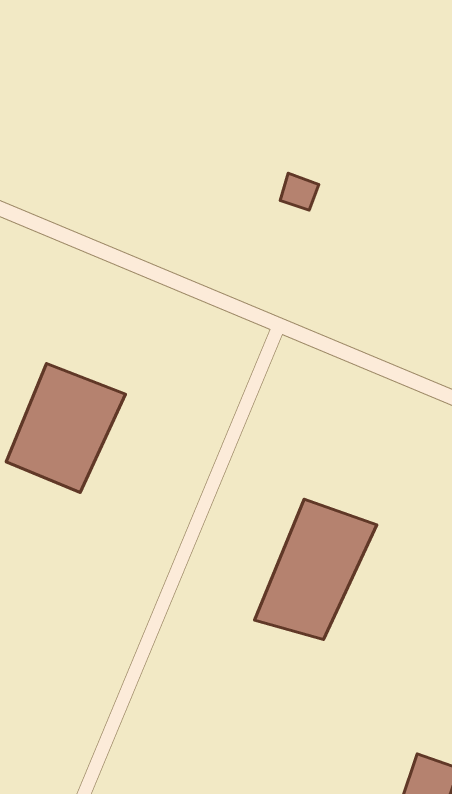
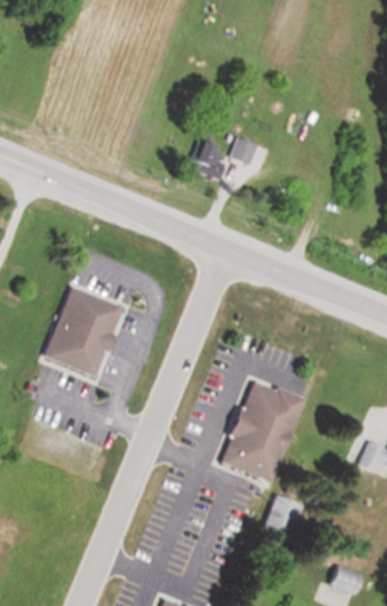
building: none -> [192,143,230,181]
building: none -> [271,501,299,535]

